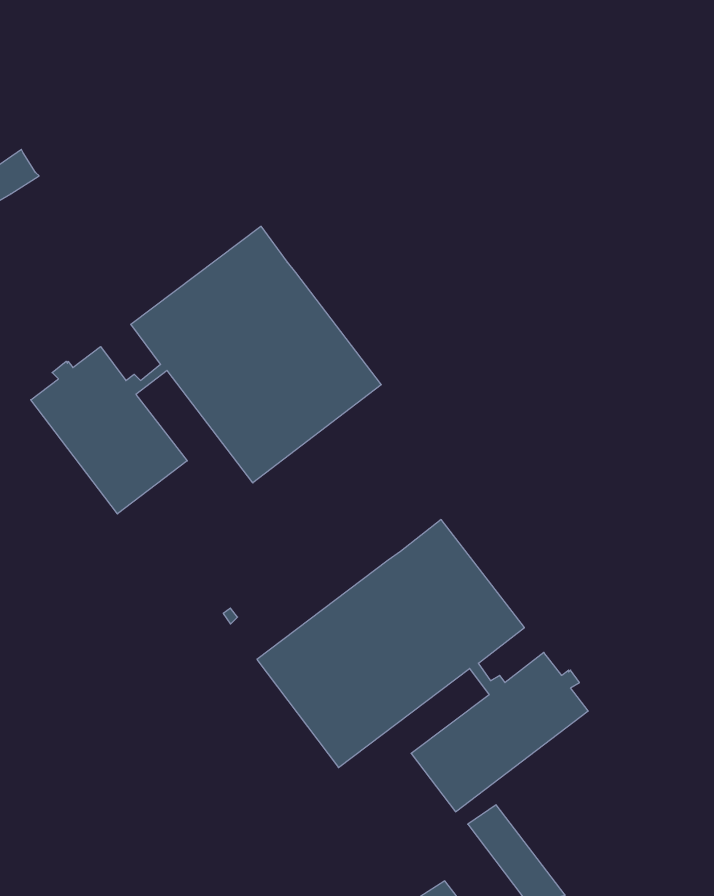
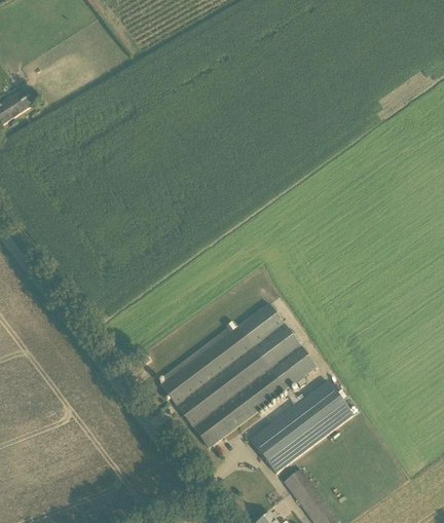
building: [31,226,381,514] -> none

